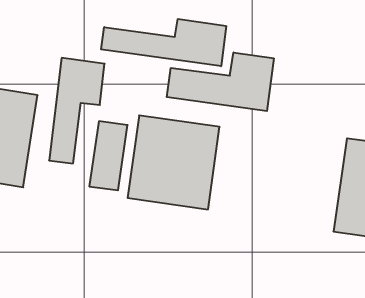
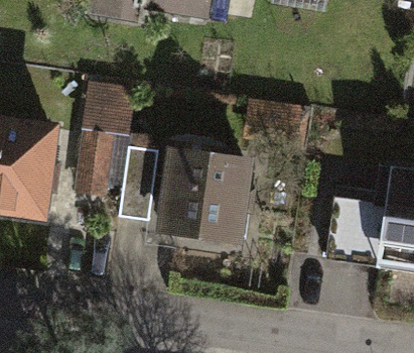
building: [101,19,226,66] -> none
building: [167,52,274,111] -> none

